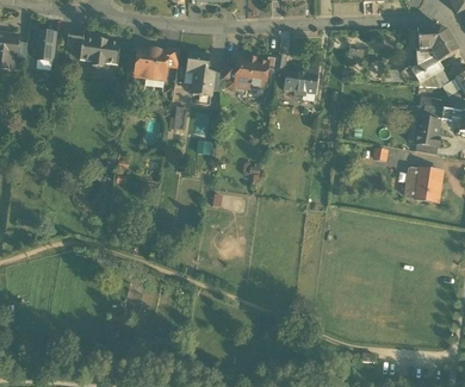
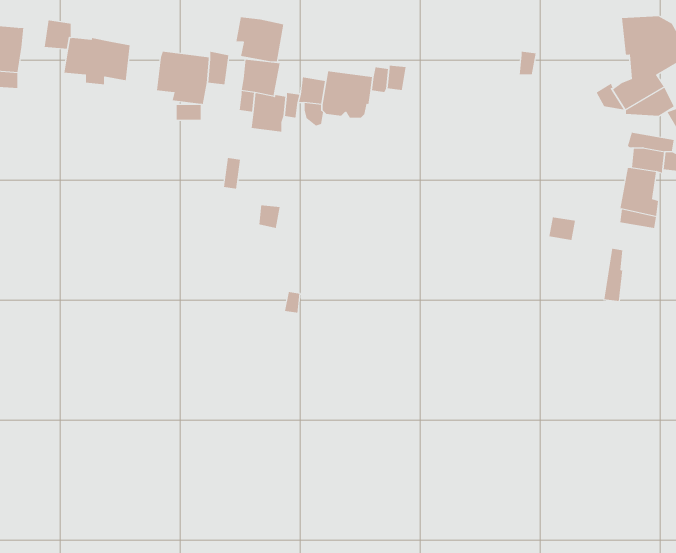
building: none -> [236,16,284,62]
building: [284,68,317,96] -> none
building: [415,168,441,201] -> none

